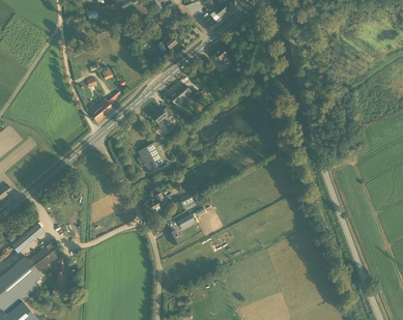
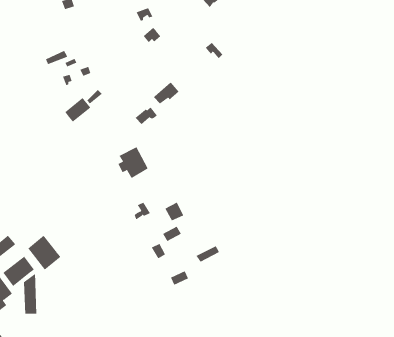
building: none -> [27,235,61,270]

